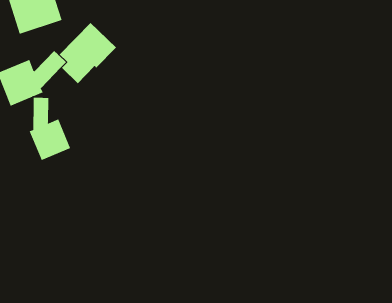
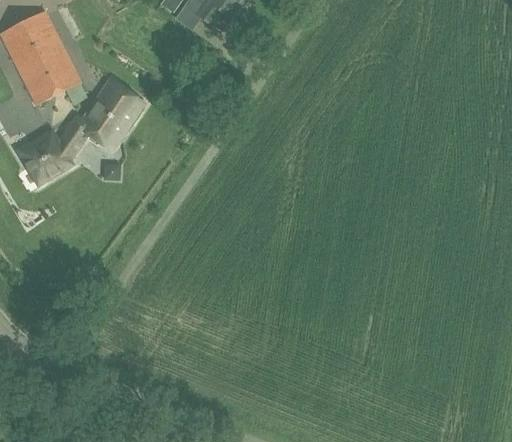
building: [29,97,71,161] -> none

